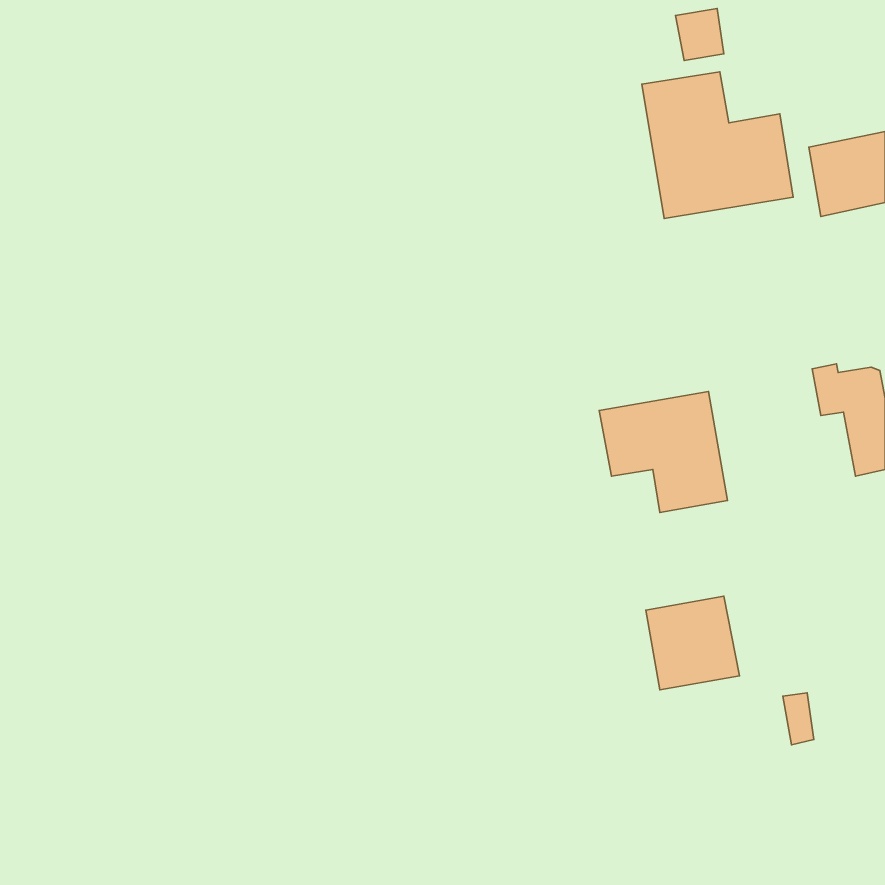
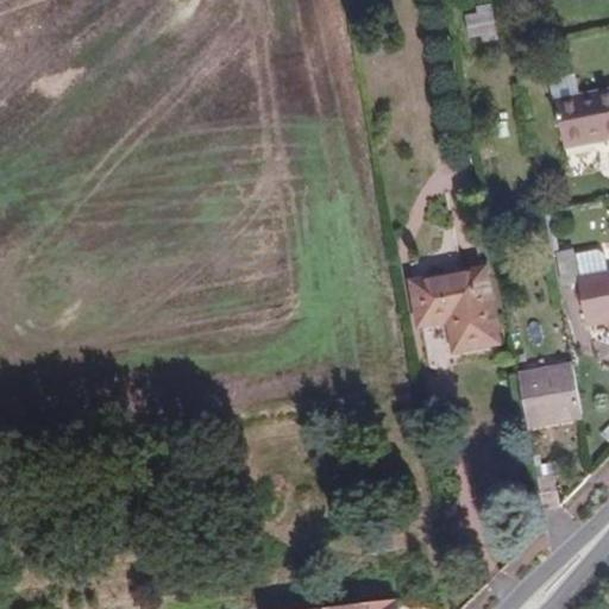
building: [642,72,793,219] -> none
building: [646,596,740,690] -> [519,364,583,428]

